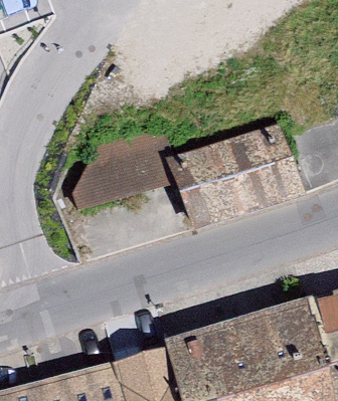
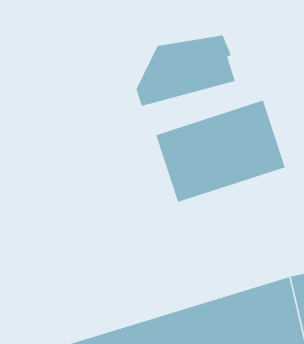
building: [71,135,175,209] -> [135,35,236,107]

